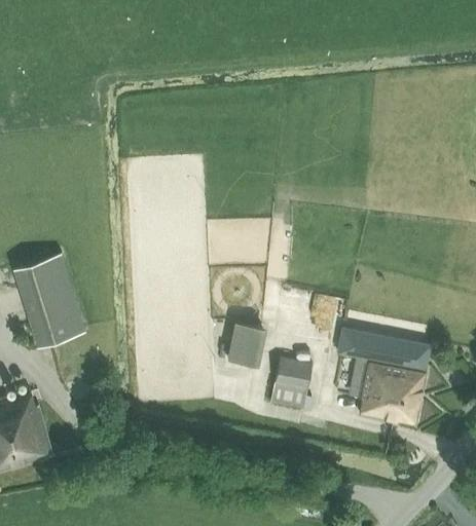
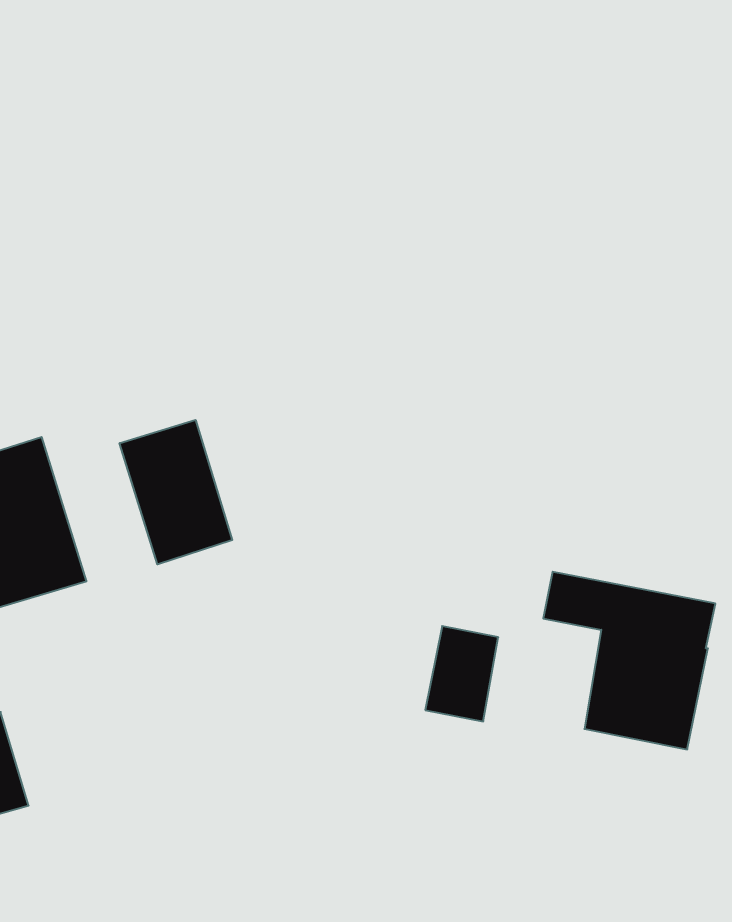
building: none -> [120,420,232,564]
building: [226,321,265,364] -> none

